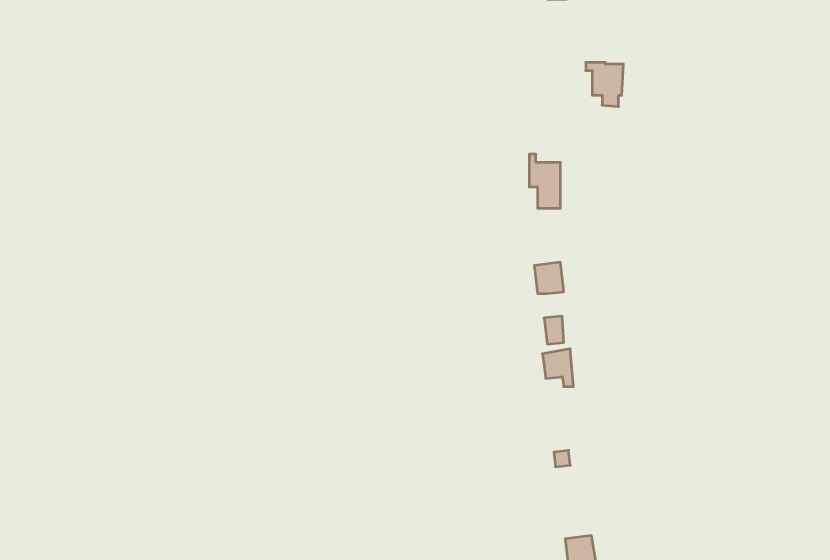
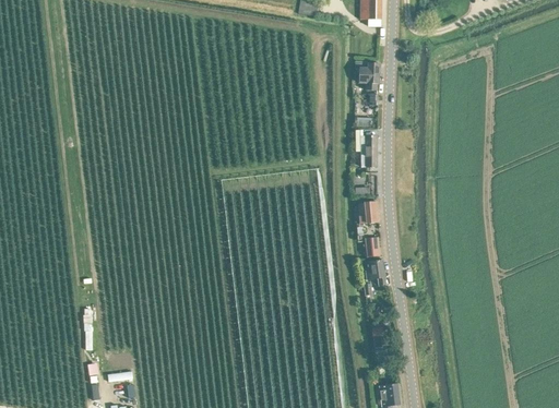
building: [586,62,623,107] -> [355,60,380,89]

